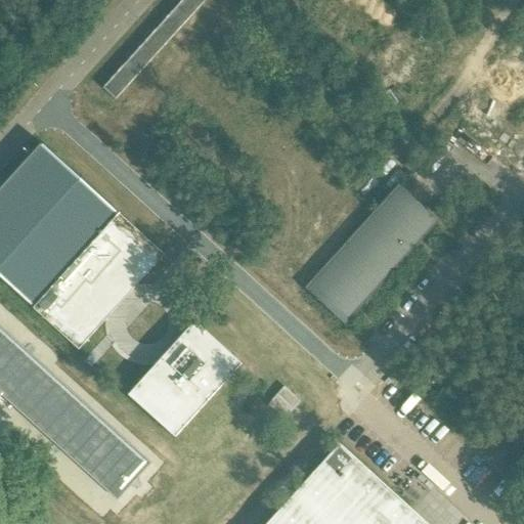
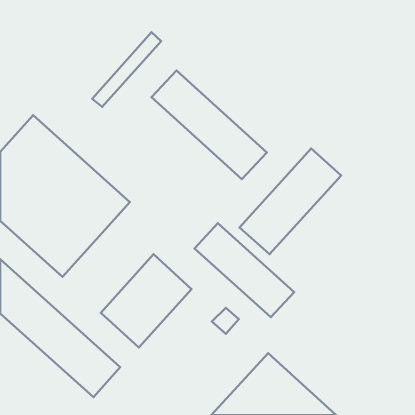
building: [102,5,189,99] -> [92,32,161,107]
building: none -> [152,70,267,179]
building: none -> [195,223,294,317]

